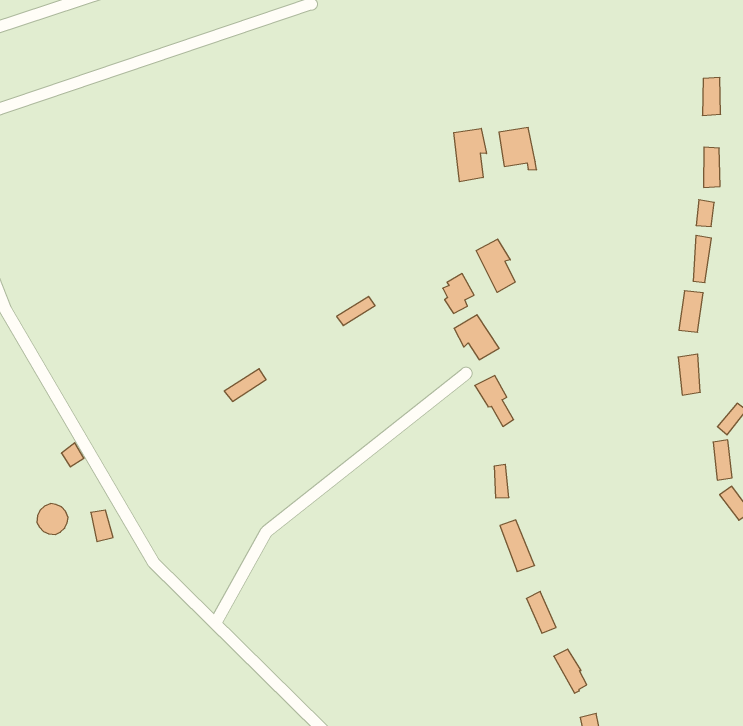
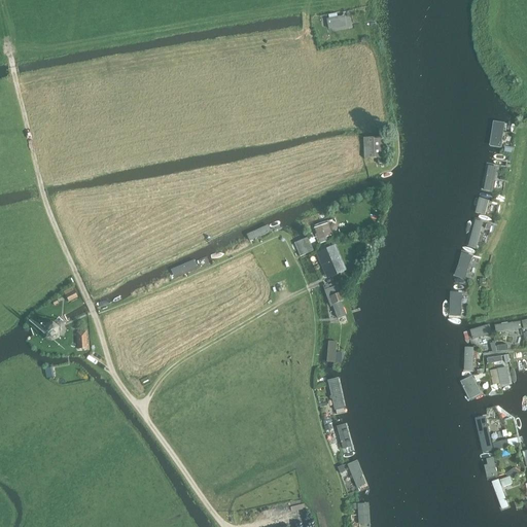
building: [454,128,486,182] -> none
building: [476,239,515,292] -> none

